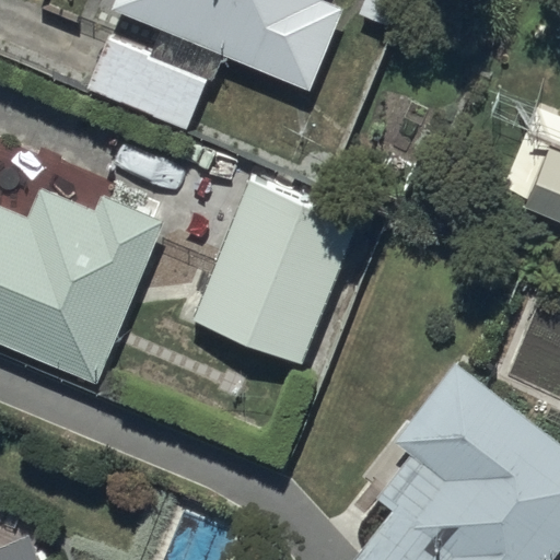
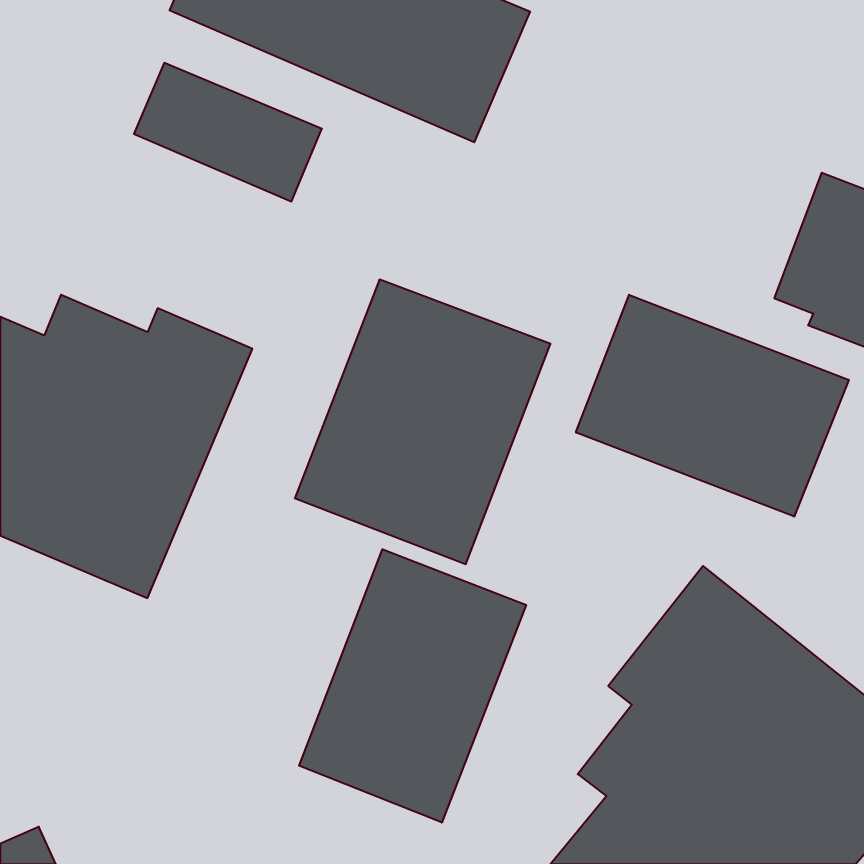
building: none -> [576,295,849,517]
building: none -> [299,549,526,823]

